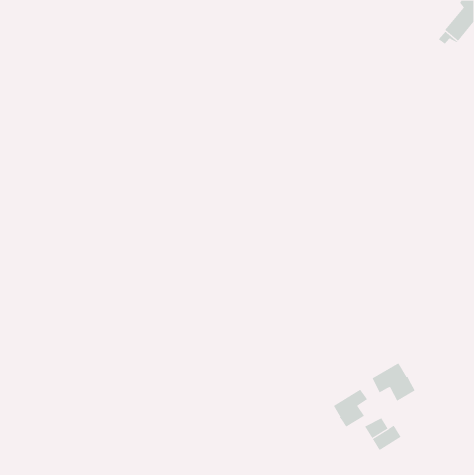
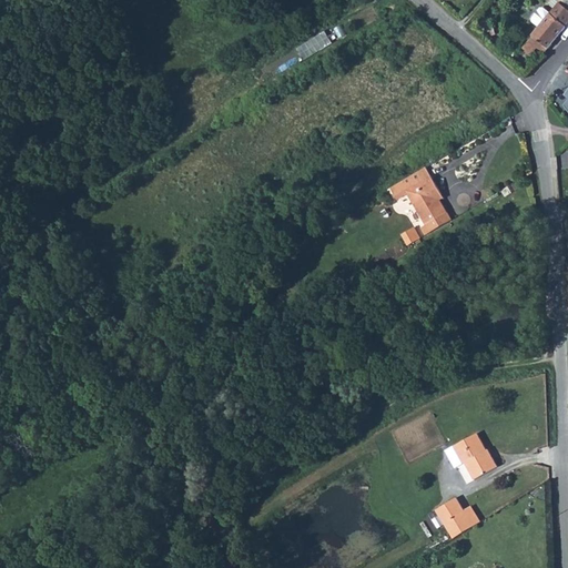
building: none -> [388,166,448,234]
building: [333,389,368,427] -> none

